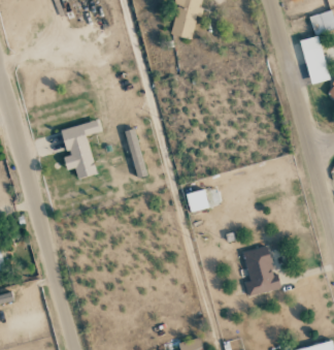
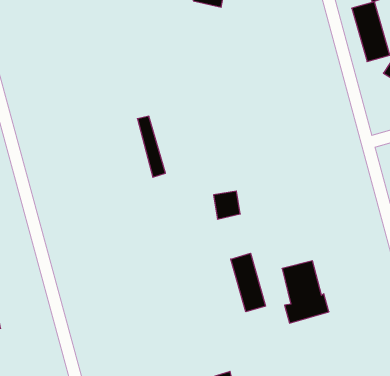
building: [61,120,100,179] -> none
building: none -> [231,253,265,312]

